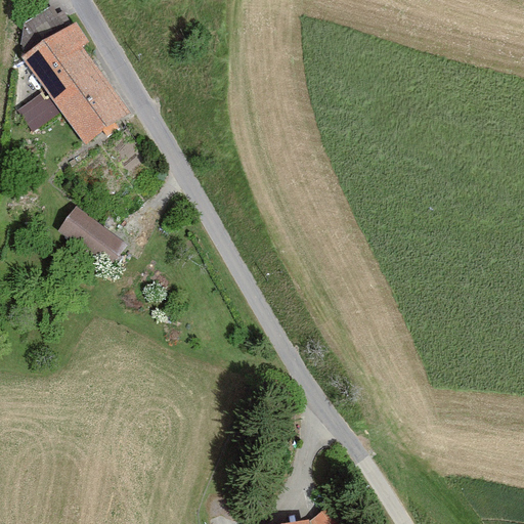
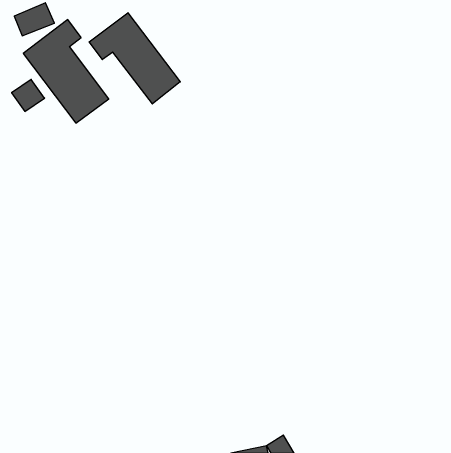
building: none -> [89,13,180,104]
building: [56,206,131,273] -> none

